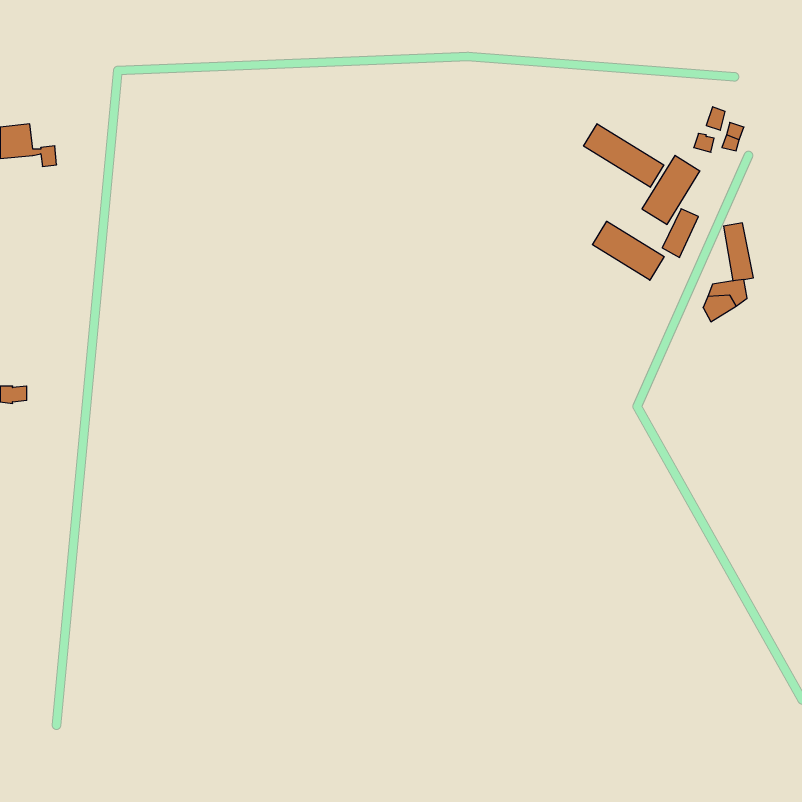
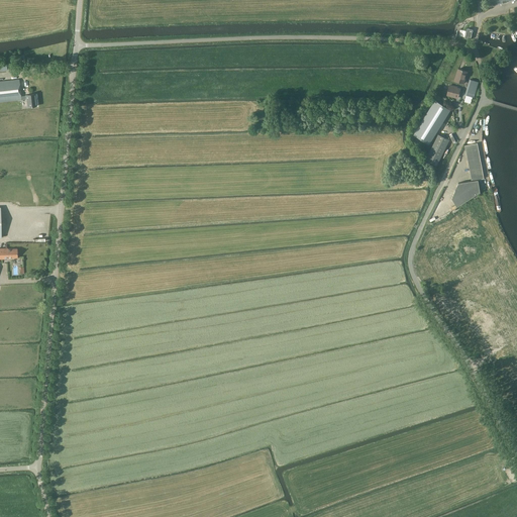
building: [584,124,664,187] -> none
building: [592,221,664,280] -> none

